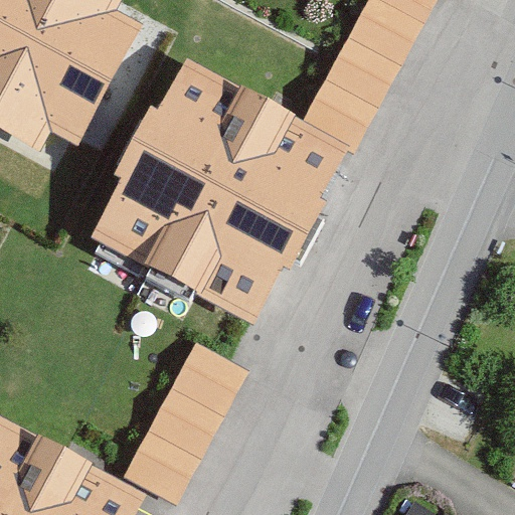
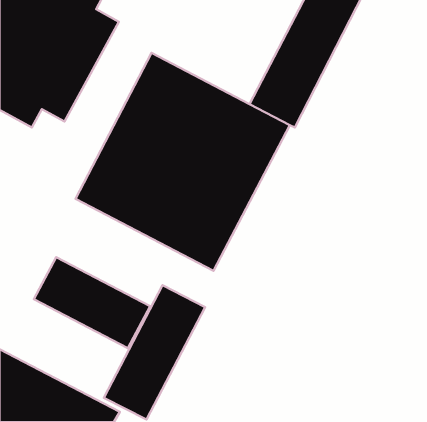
building: none -> [34,257,150,348]

